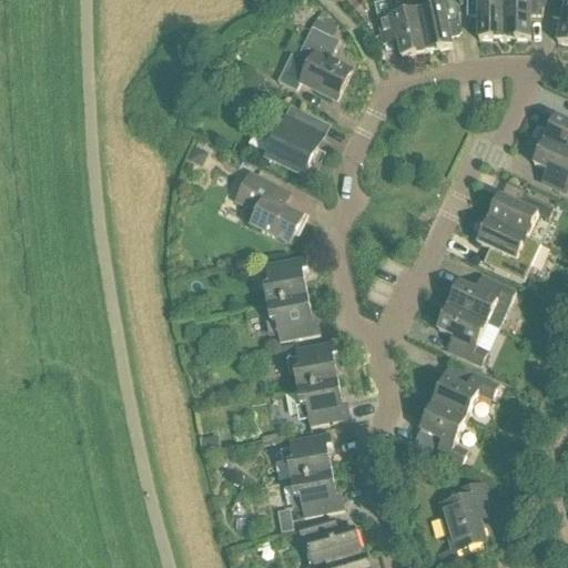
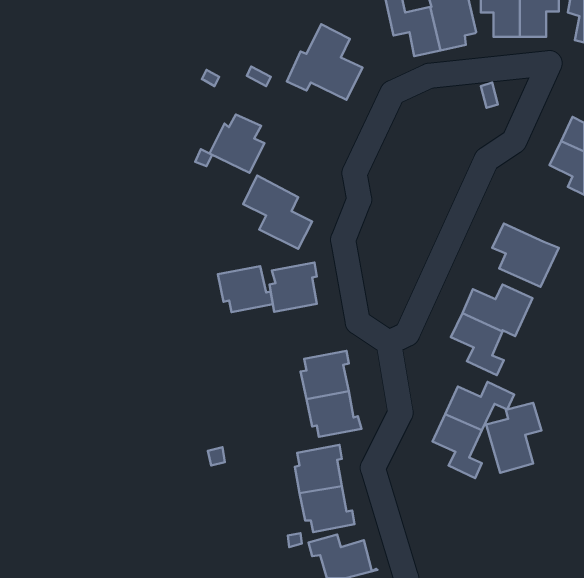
building: [264,116,317,173] -> [209,114,265,173]
building: [487,192,552,234] -> none
building: [265,294,318,338] -> [218,266,273,312]
building: [438,480,491,548] -> [486,403,541,473]

